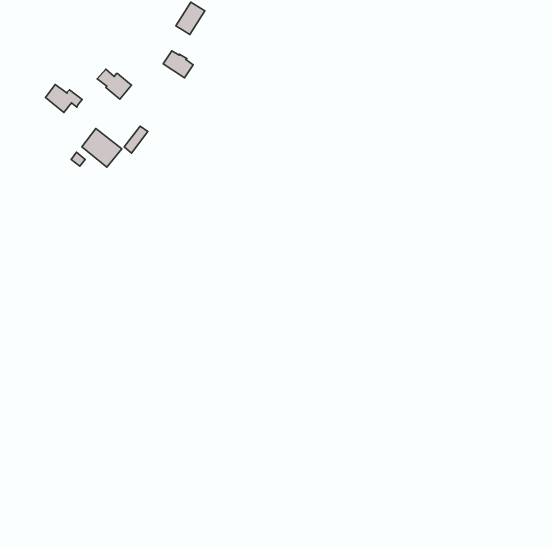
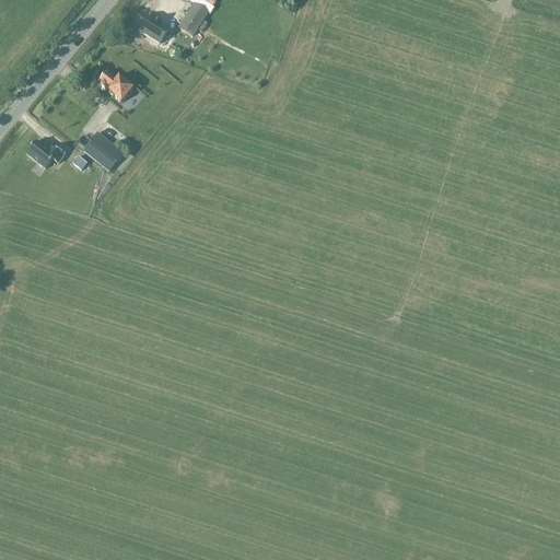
building: [163,51,193,78] -> [138,14,168,42]
building: [46,84,82,113] -> [26,139,63,167]

